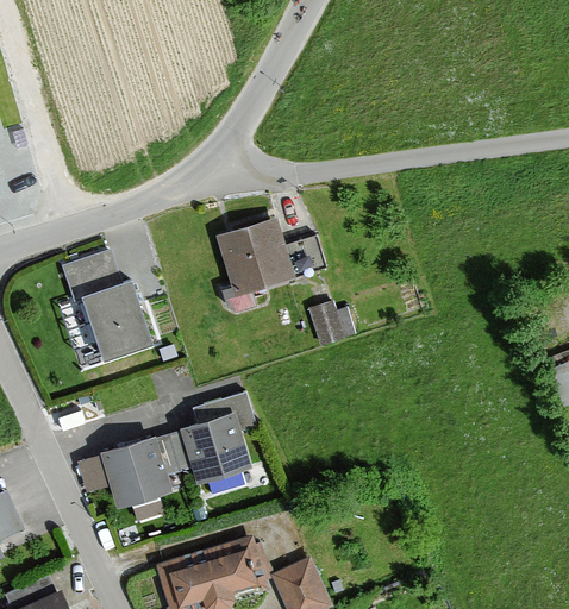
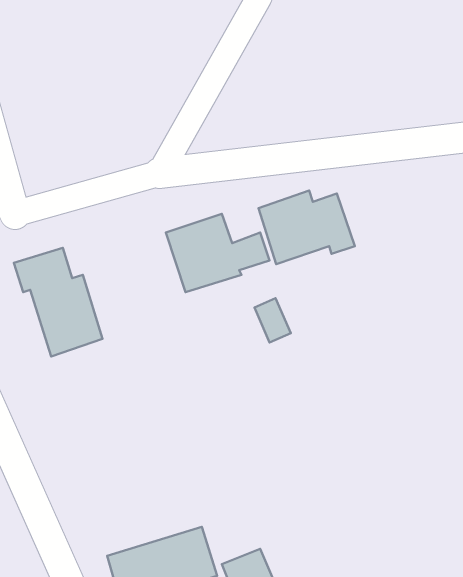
building: none -> [258,190,355,264]
building: [180,389,255,484] -> none
building: [77,434,173,508] -> none

